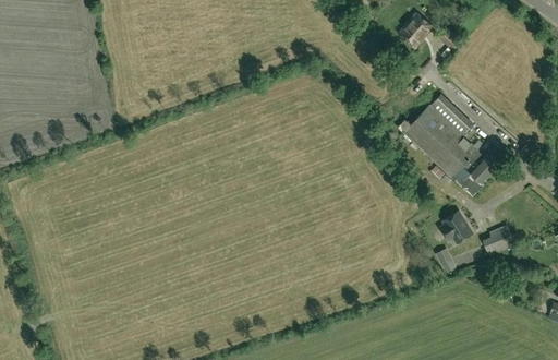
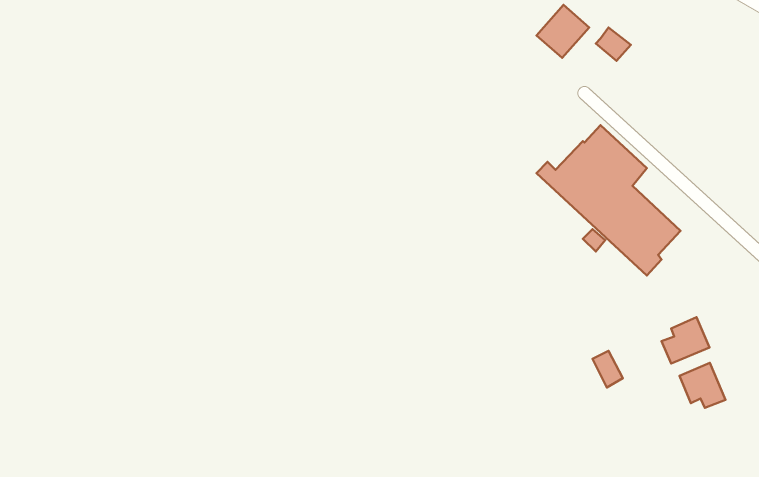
building: [439,211,472,242] -> none
building: none -> [679,363,725,408]

